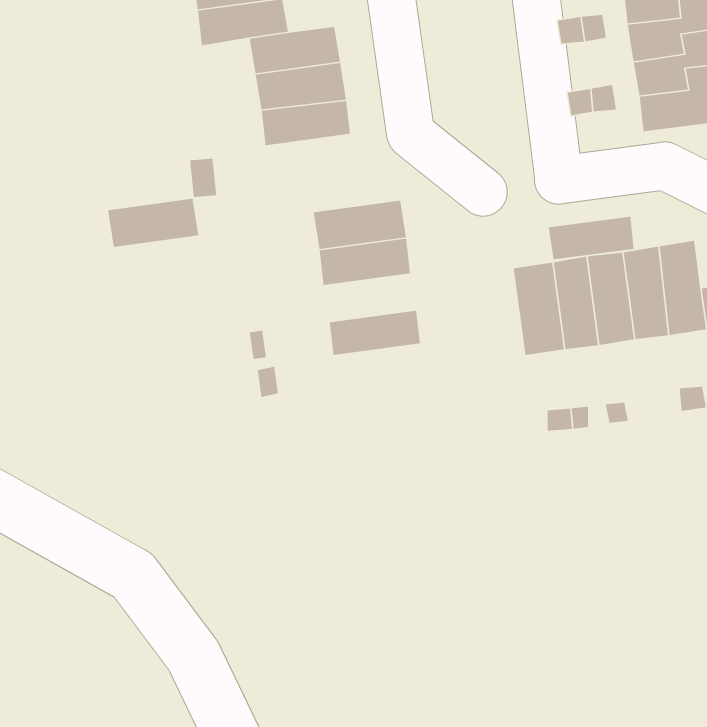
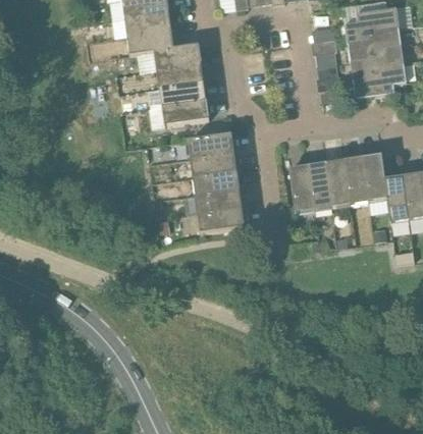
building: [107,198,199,248] -> [162,99,209,124]
building: [548,216,635,260] -> none
building: none -> [192,170,240,195]
building: none -> [197,206,245,232]

